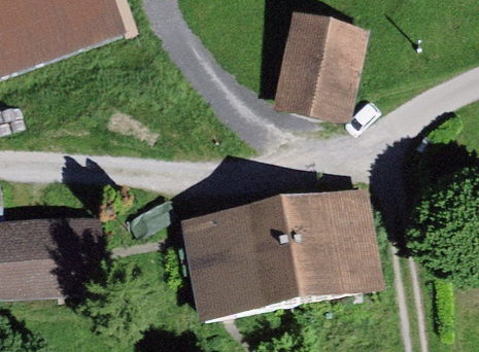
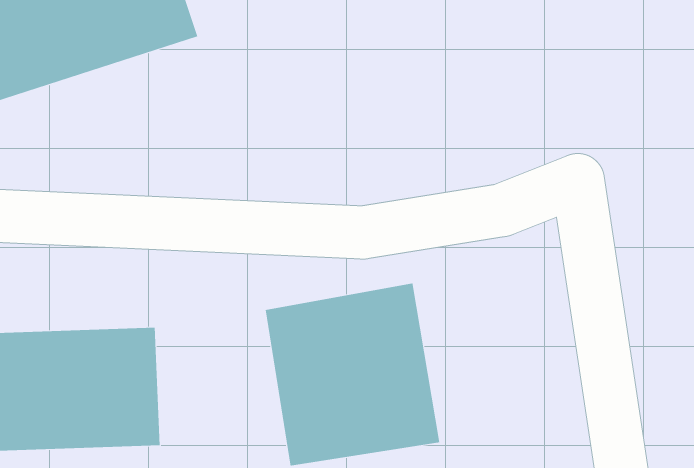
building: [273,24,361,132] -> none
building: [273,182,380,302] -> none

